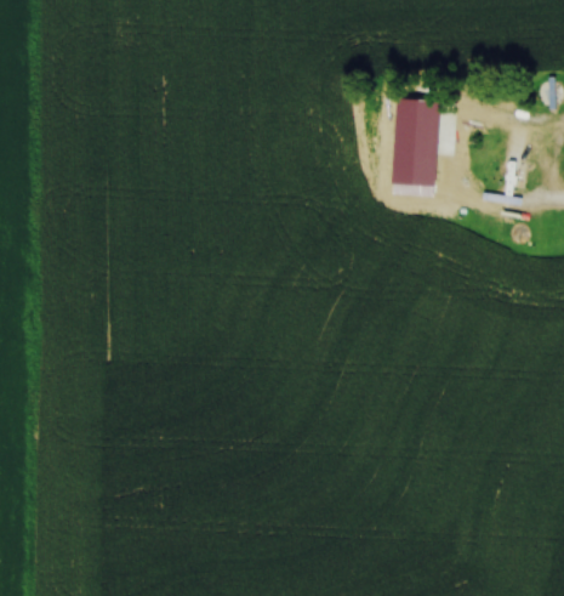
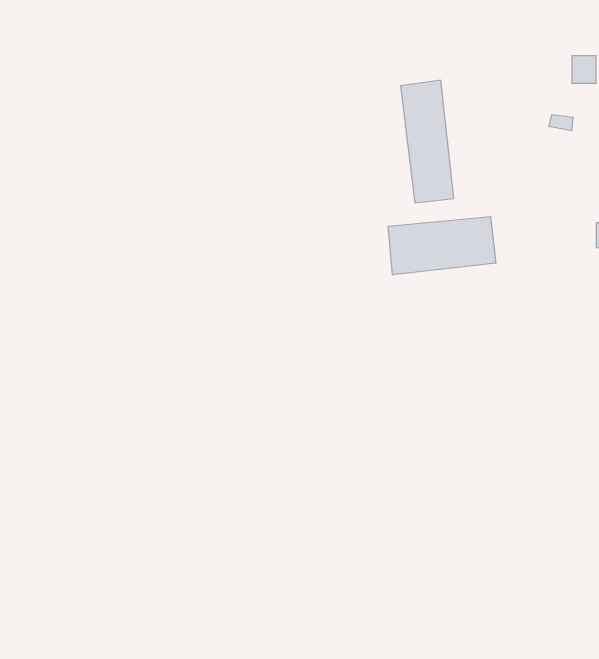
building: none -> [388,216,496,275]

